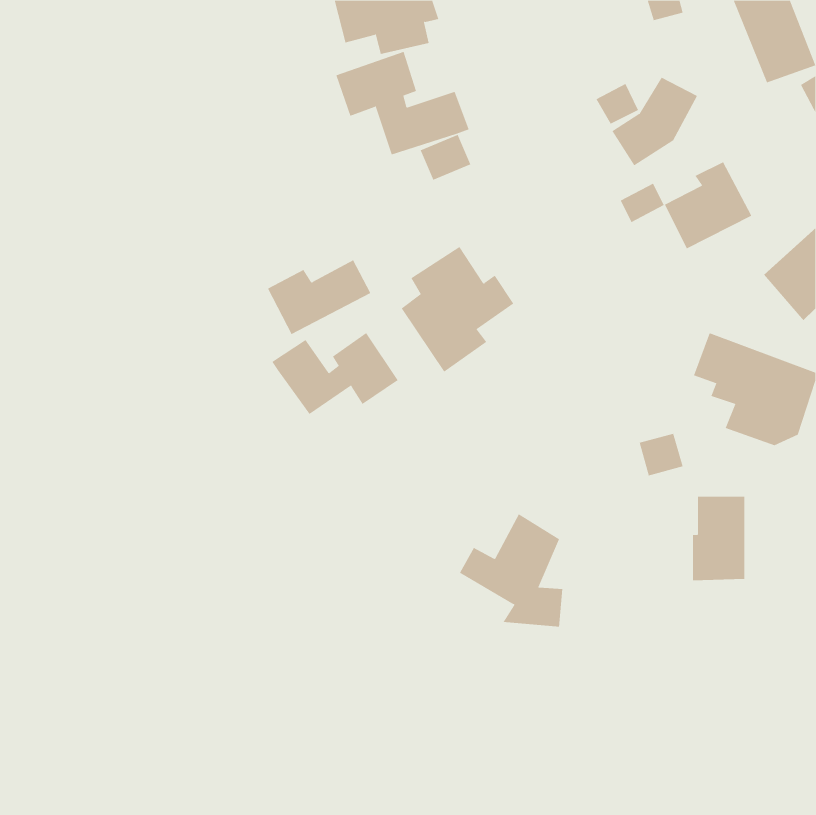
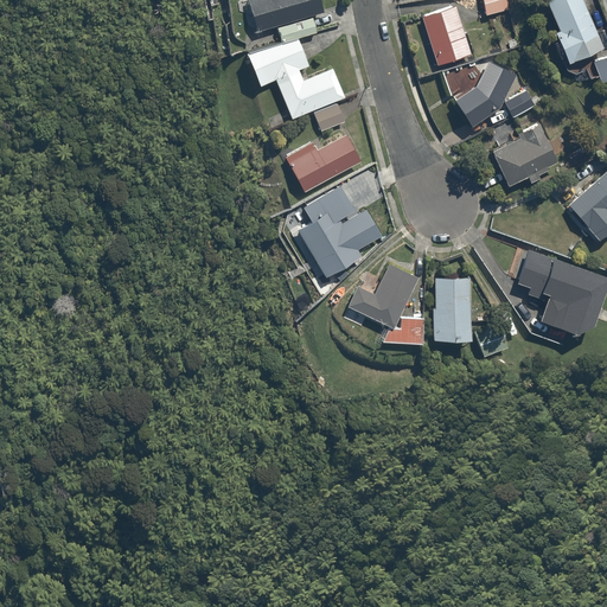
building: none -> [422,6,471,66]
building: [620,183,665,223] -> [504,88,537,117]
building: [267,260,371,335] -> [285,134,362,190]
building: [272,332,399,415] -> none
building: [692,496,745,581] -> [432,279,471,341]
building: [459,514,563,627] -> [347,260,424,344]

